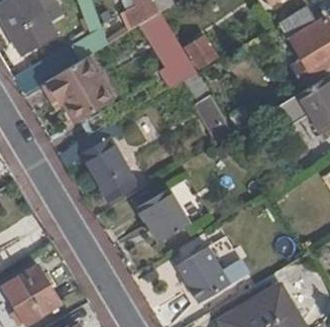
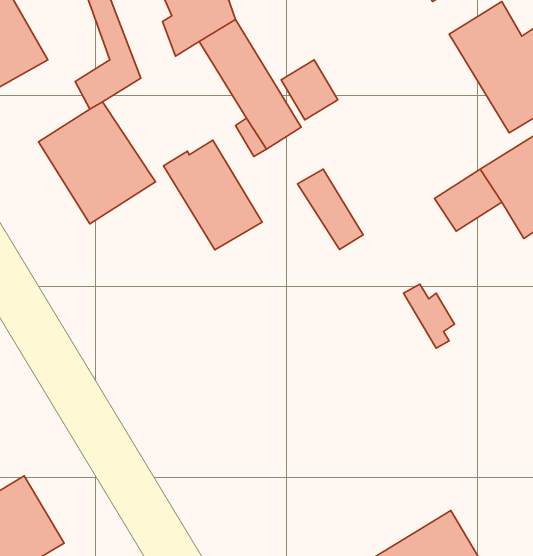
building: [81,141,135,202] -> [164,140,262,250]
building: [136,189,189,242] -> none
building: [177,247,248,303] -> none

